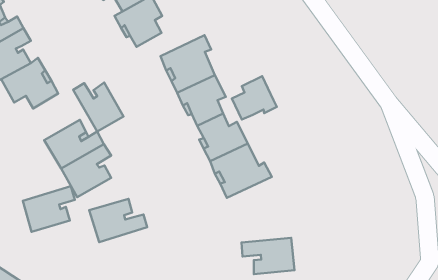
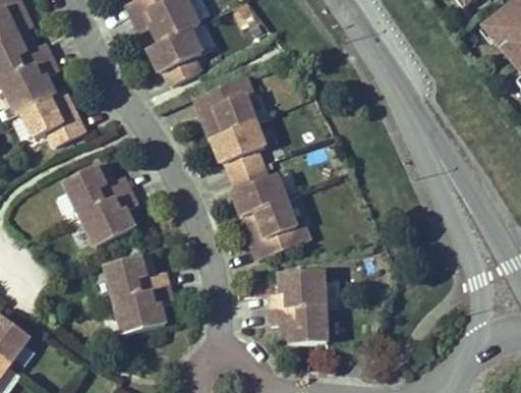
building: [232,76,277,120] -> none
building: [73,83,124,131] -> none
building: [23,186,75,232] -> [115,284,172,331]
building: none -> [270,271,326,308]

